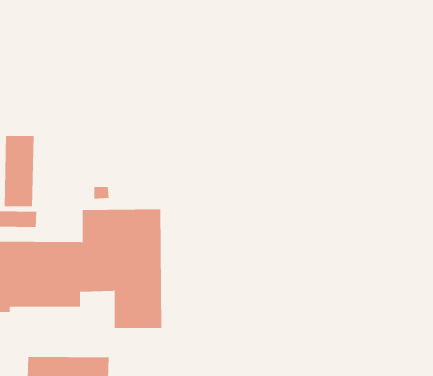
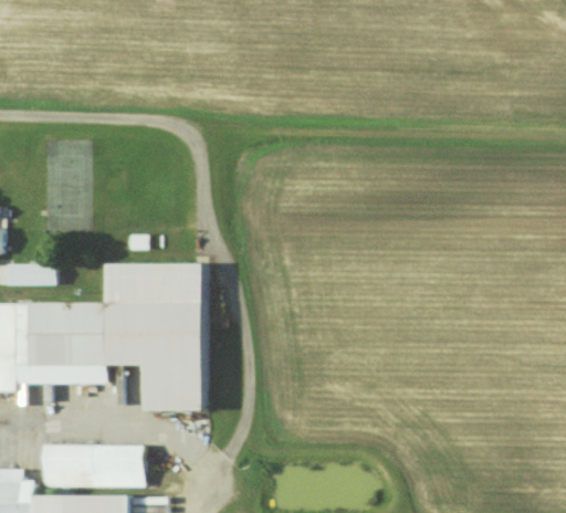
building: [4,135,34,207] -> none

